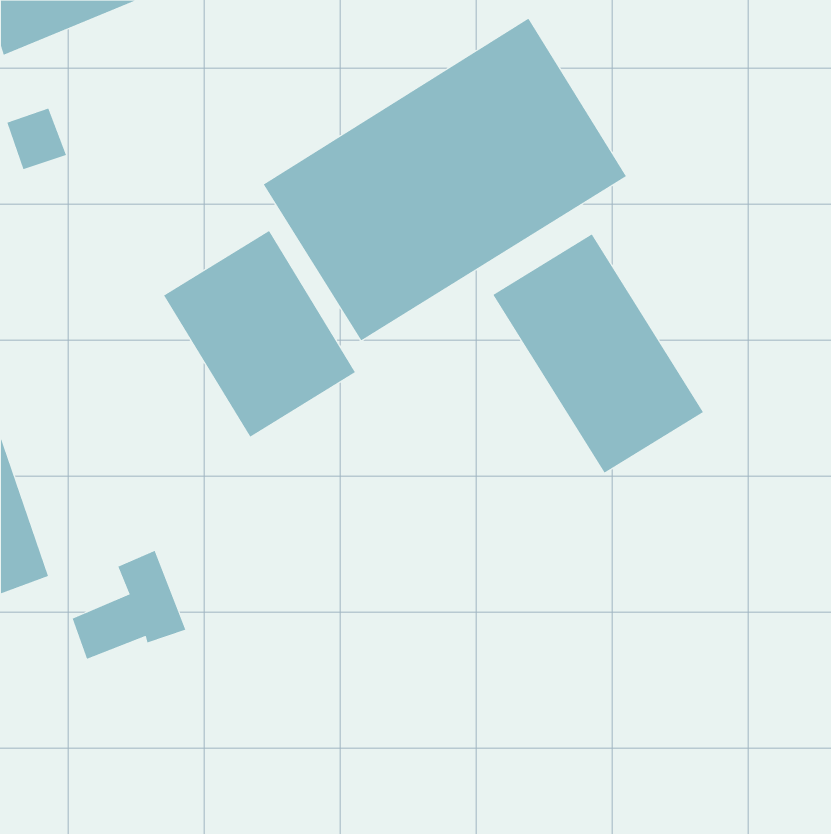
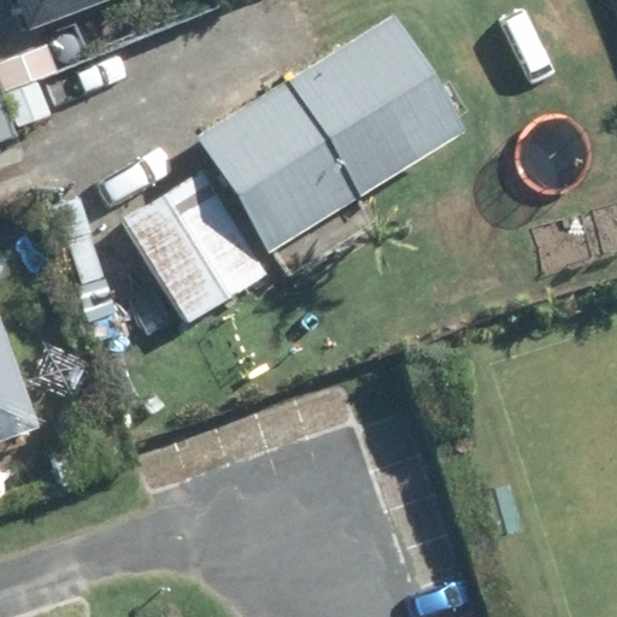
building: [493,233,704,474] -> none

